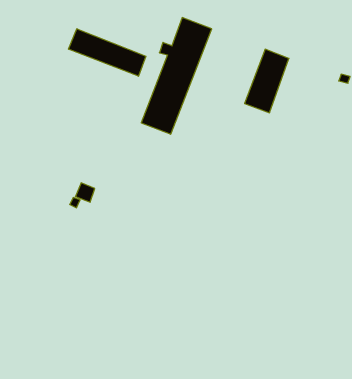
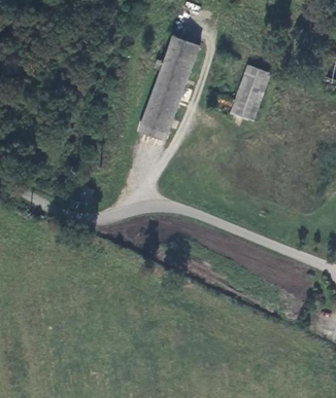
building: [69,29,146,76] -> none

